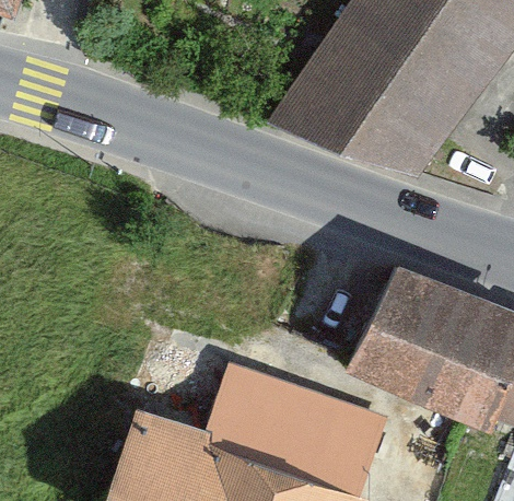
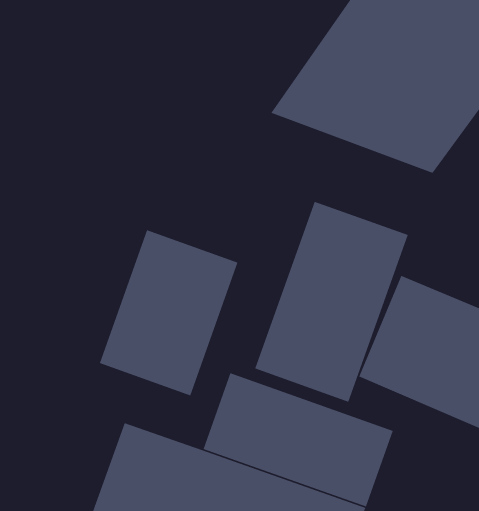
building: none -> [254,201,409,403]
building: none -> [99,229,238,396]

